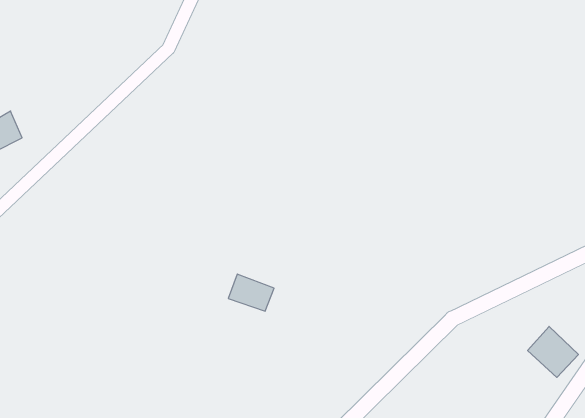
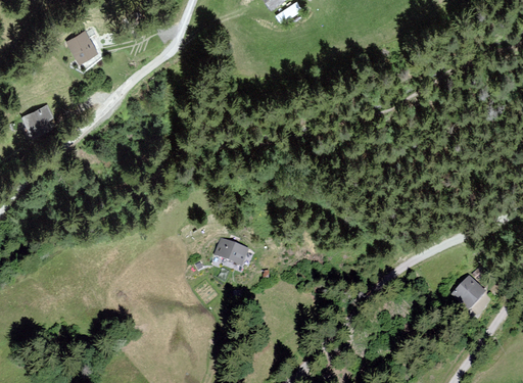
building: none -> [66,35,95,63]

